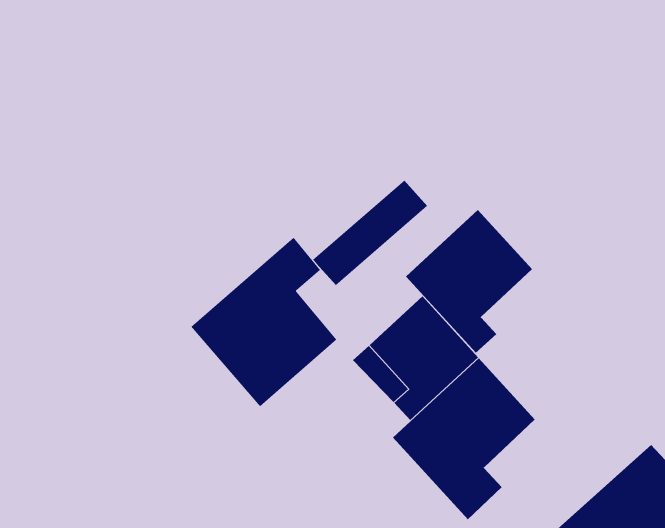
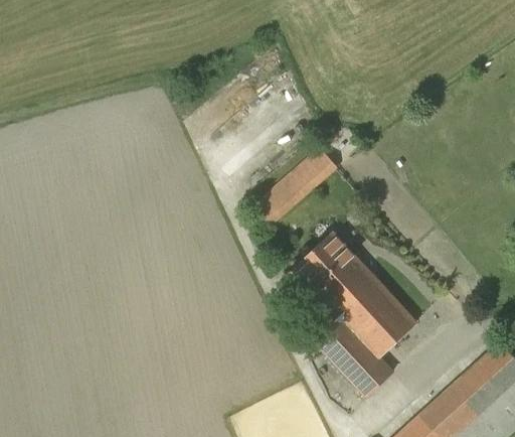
building: [405,209,533,354] -> none
building: [190,237,337,407] -> none

